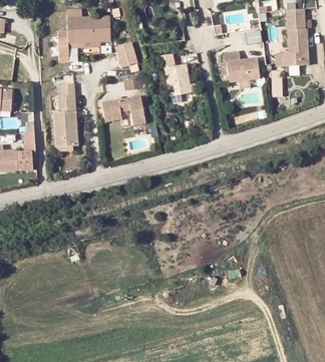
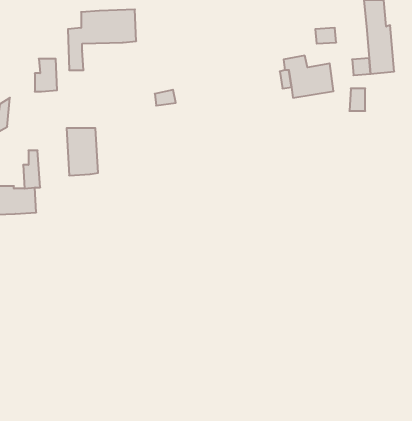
building: [116,42,137,65] -> none
building: [156,54,190,96] -> none
building: [61,79,78,104] -> [35,59,57,92]
building: [99,95,144,124] -> none

